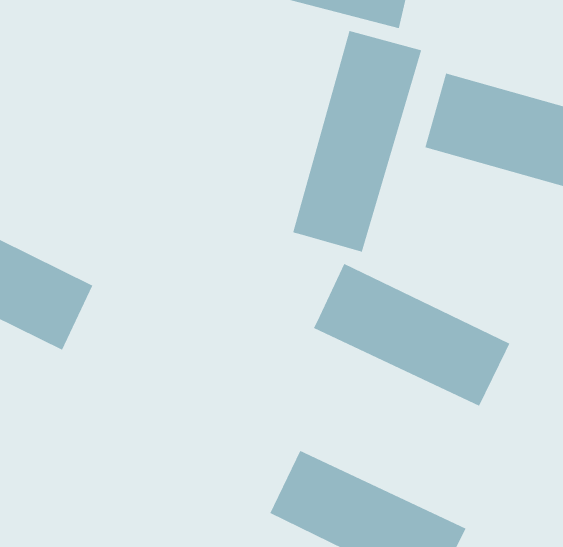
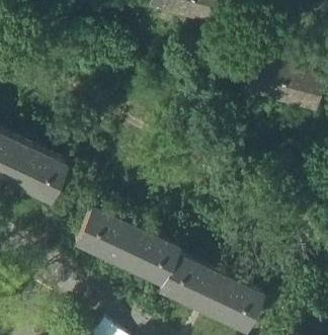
building: [292,30,422,253] -> none
building: [313,263,510,407] -> [74,206,178,282]

